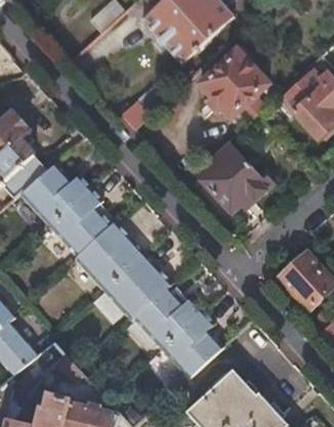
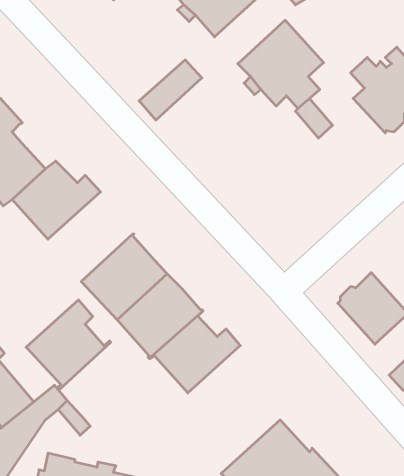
building: [193,140,273,212] -> none
building: [48,186,116,258] -> [26,300,111,390]
building: [160,309,222,378] -> none

